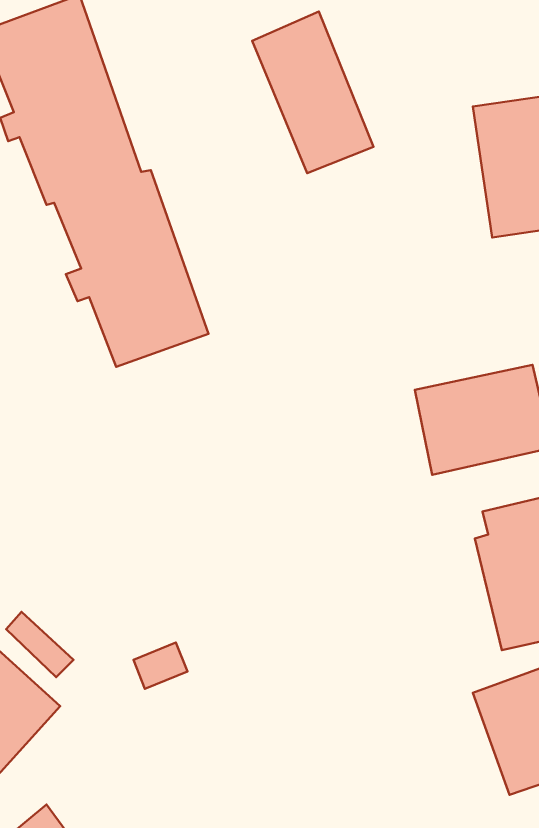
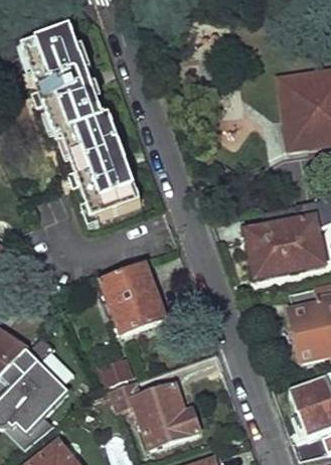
building: [252,12,374,173] -> none
building: none -> [101,264,165,333]
building: none -> [113,381,199,446]

